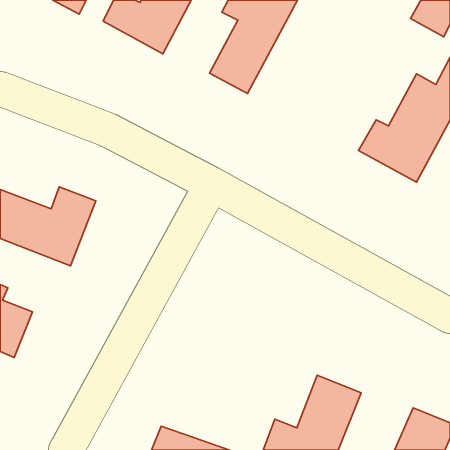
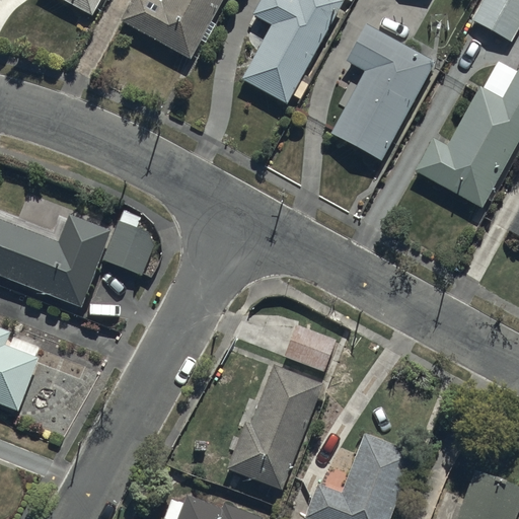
building: none -> [329,23,436,161]
building: none -> [103,226,154,275]
building: none -> [283,326,335,371]
building: none -> [229,364,323,492]

